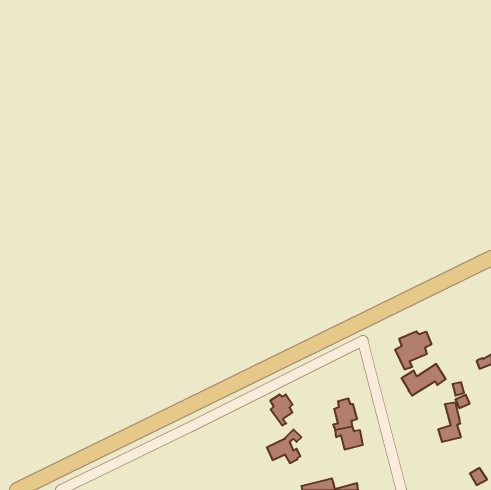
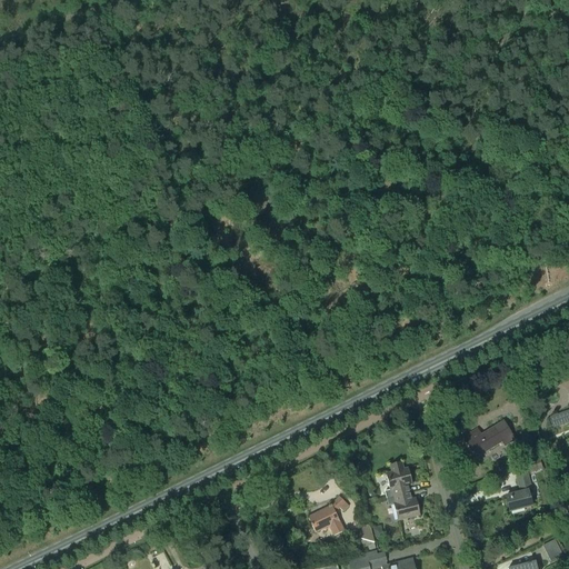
building: [395,331,431,370] -> none
building: [270,394,293,426] -> none

